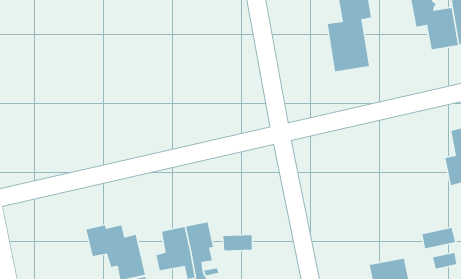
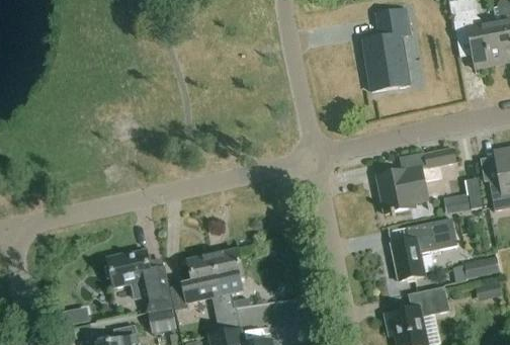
building: none -> [376,148,455,213]
building: none -> [443,178,483,213]
building: none -> [392,219,457,280]
building: [223,234,252,251] -> none

